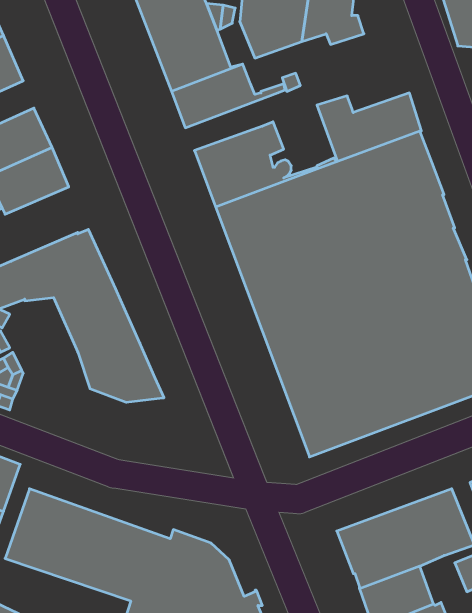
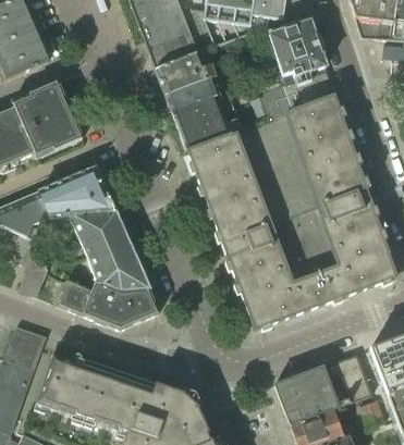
building: none -> [269,21,326,81]
building: none -> [164,70,234,111]
building: none -> [58,282,159,330]

